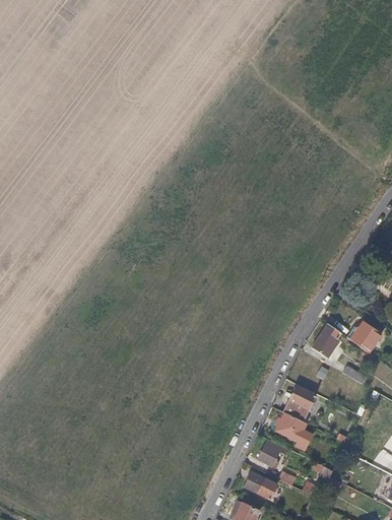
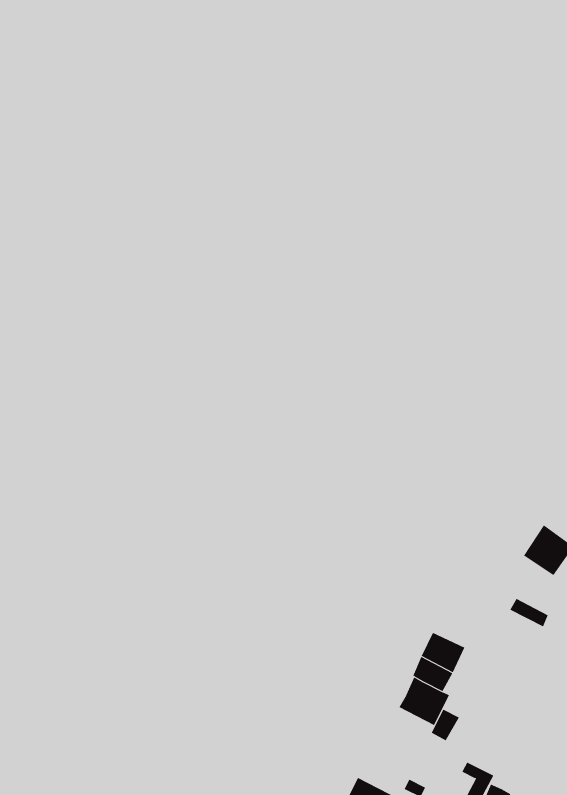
building: [312,323,341,356] -> none
building: [258,438,286,467] -> none

